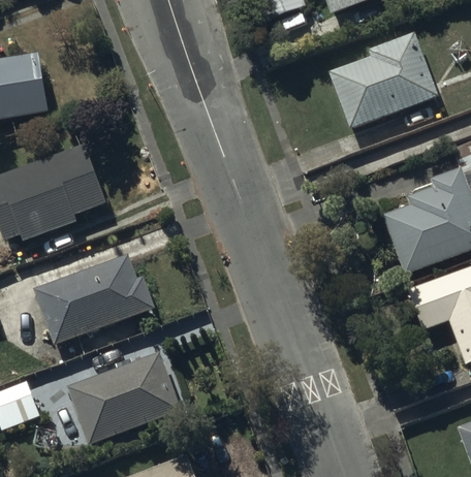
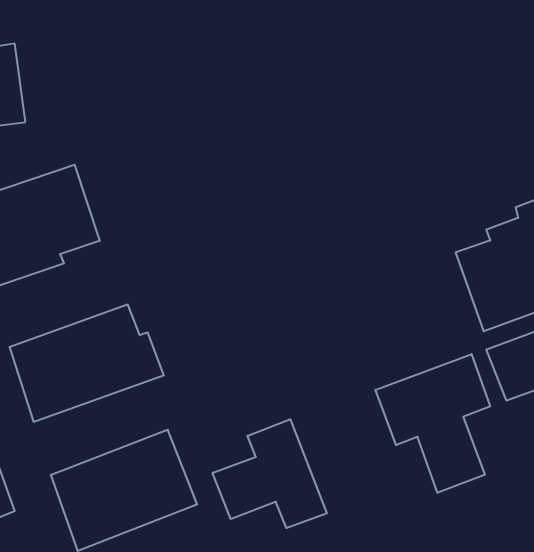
building: [328,32,437,128] -> none
building: none -> [375,354,490,493]
building: none -> [213,419,327,528]

